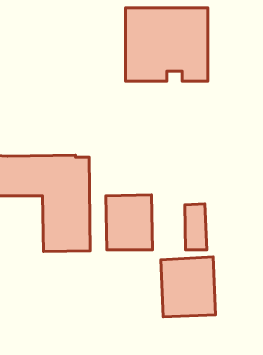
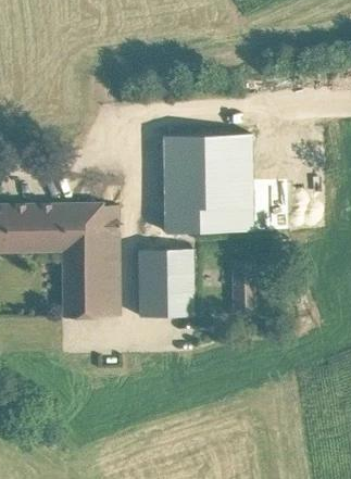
building: [125,8,208,81] -> [155,137,253,224]
building: [161,257,215,317] -> none

